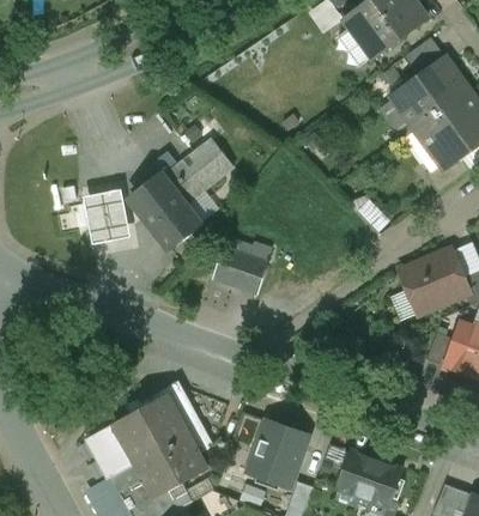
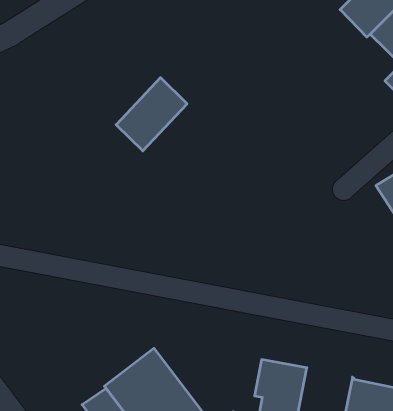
building: [129,175,198,247] -> none
building: [81,190,129,245] -> none
building: [213,248,267,293] -> none

